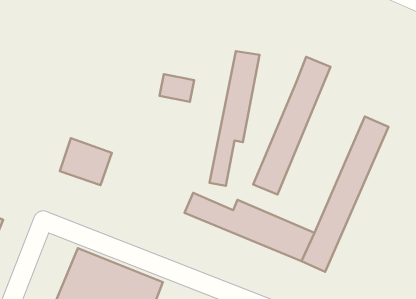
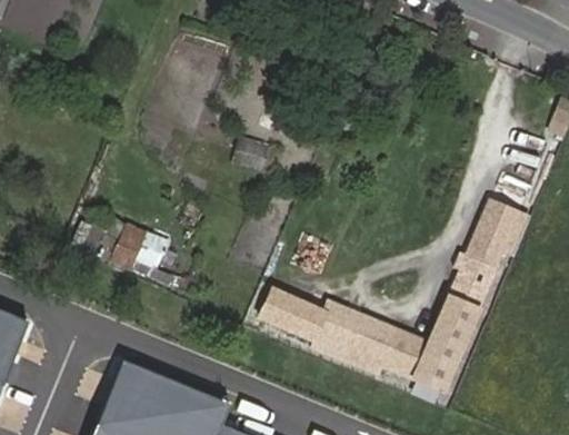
building: [209,51,260,186] -> none
building: [253,57,330,194] -> none

